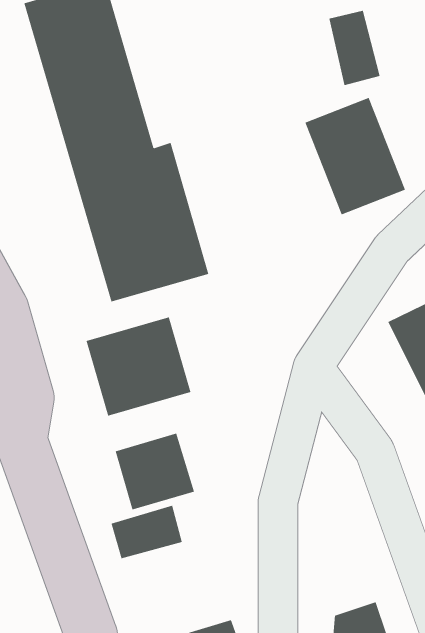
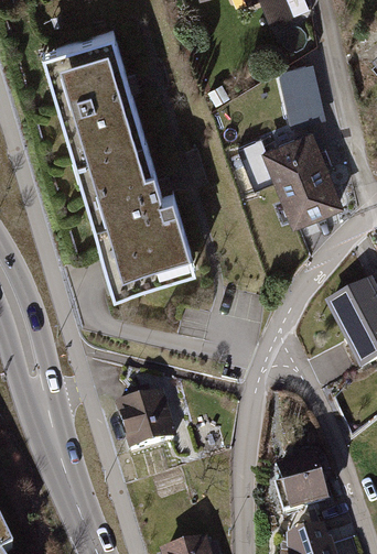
building: [86,316,191,417] -> none
building: [111,505,182,559] -> none
building: none -> [273,455,324,514]

